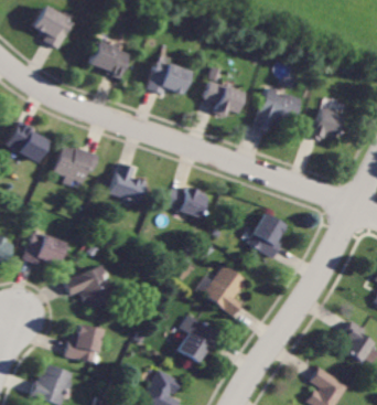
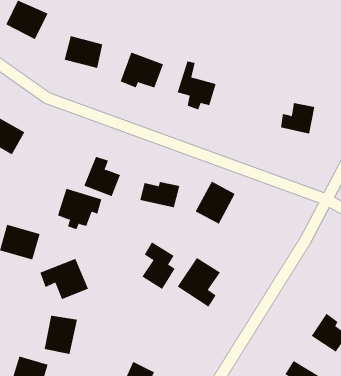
building: [254,87,301,132] -> none
building: [54,145,99,186] -> [57,188,102,230]
building: [247,213,288,257] -> [195,181,236,225]
building: [179,315,213,363] -> [142,241,176,290]

